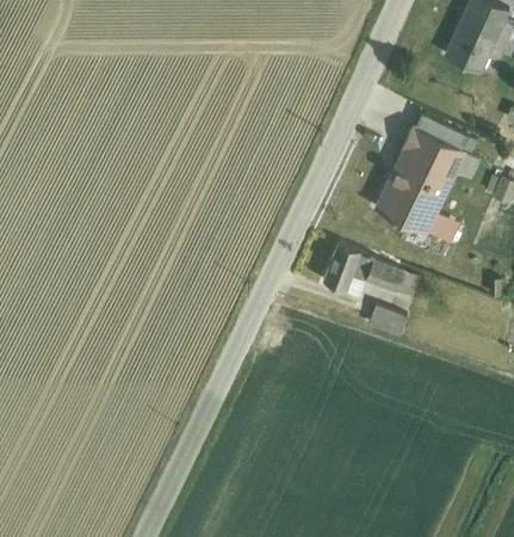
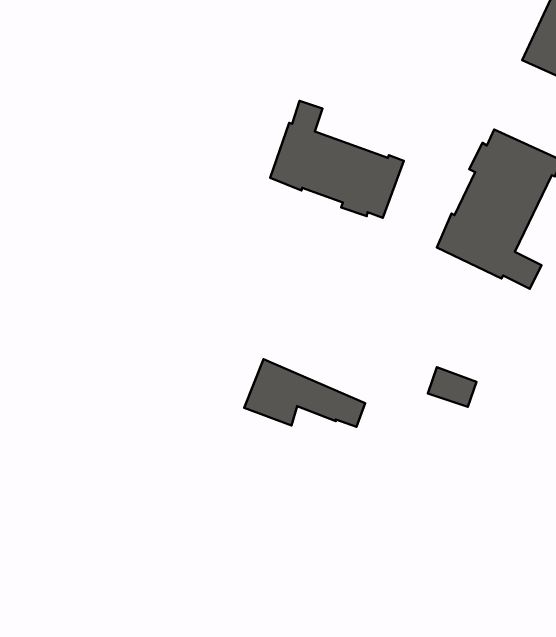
building: none -> [270,101,404,218]
building: [322,243,420,298] -> [244,359,365,427]

